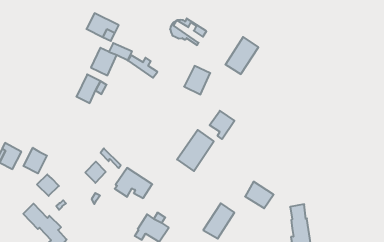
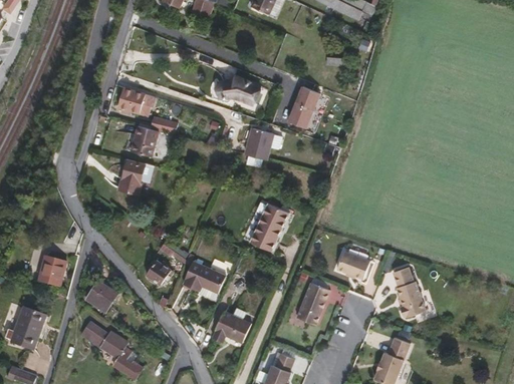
building: [128,55,157,78] -> [218,77,255,99]
building: [210,111,234,139] -> none
building: [23,148,47,173] -> none

